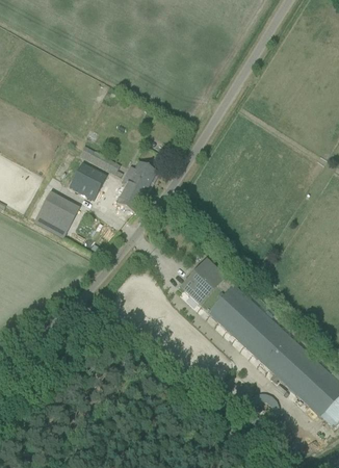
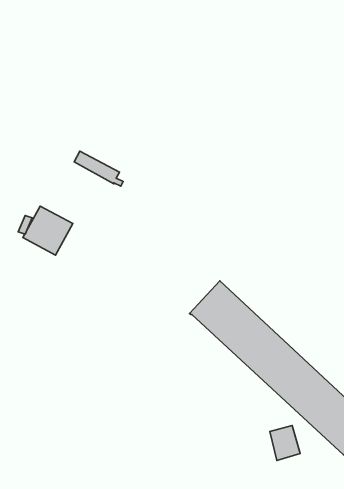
building: [115,160,156,211] -> none
building: [69,167,107,200] -> none

